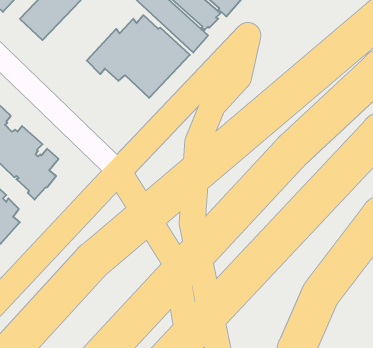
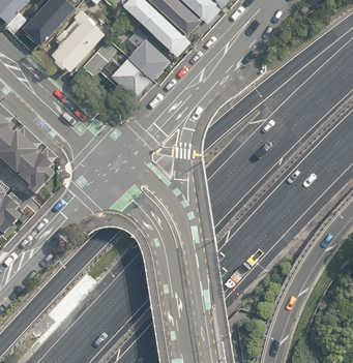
building: none -> [50,17,104,72]

